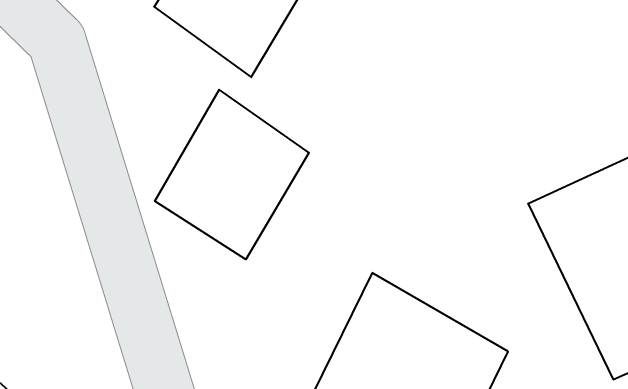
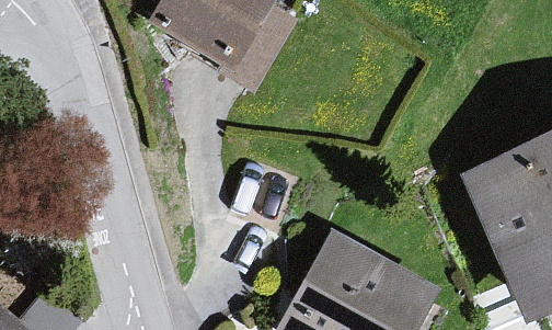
building: [155,90,309,259] -> none

